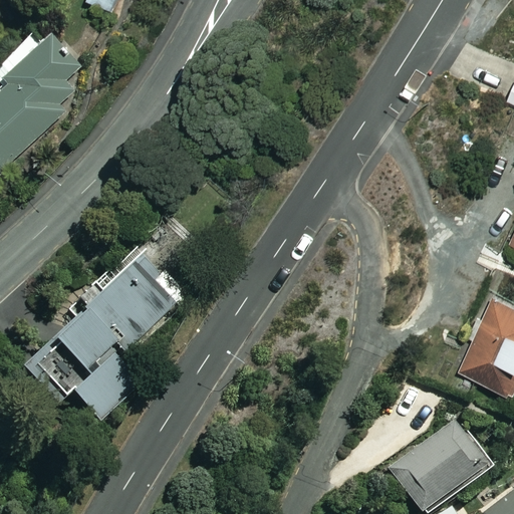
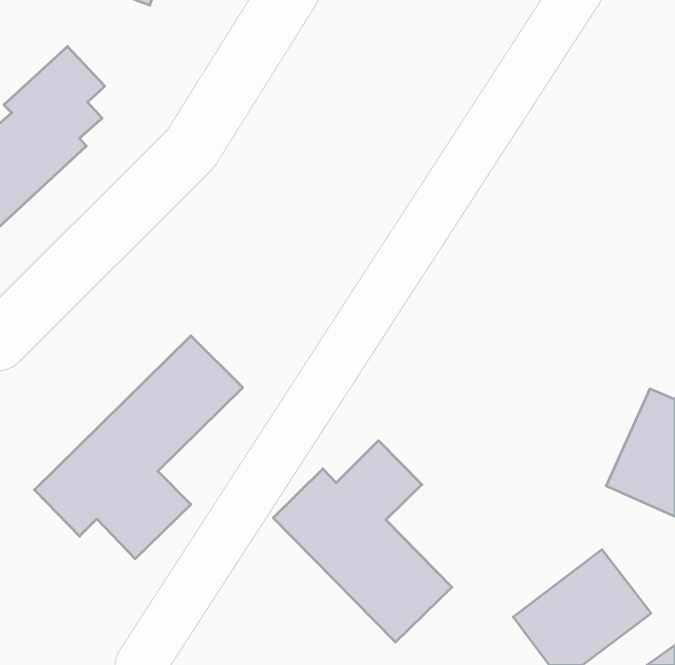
building: none -> [273,441,452,642]

